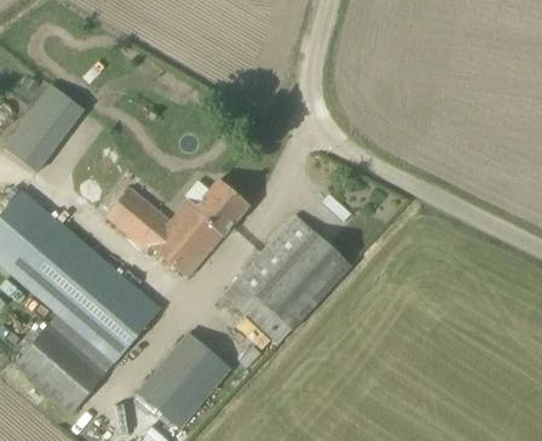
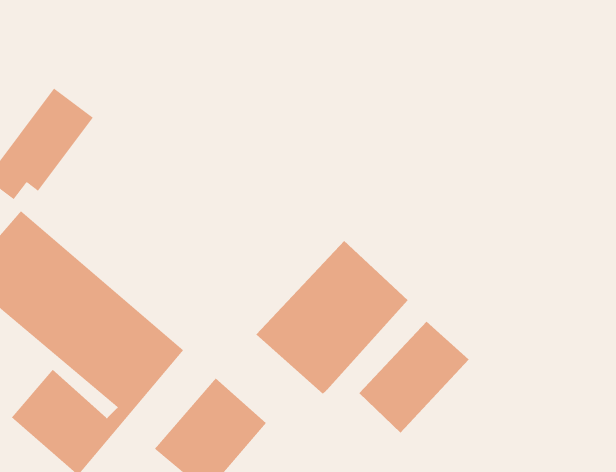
building: [105,179,249,276] -> none
building: none -> [359,321,470,433]

